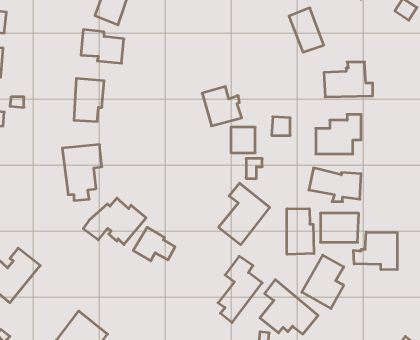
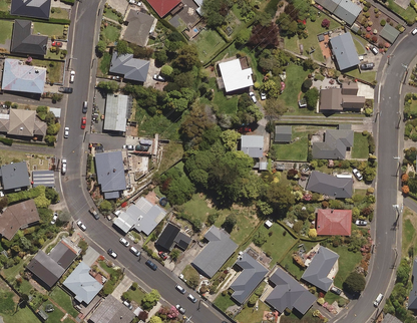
building: [289,8,324,52] -> [329,31,359,69]
building: [202,86,242,126] -> [218,58,252,92]
building: [219,183,270,245] -> [192,225,237,278]
building: [287,209,314,254] -> none
building: [353,232,397,270] -> none
building: none -> [62,262,106,304]

